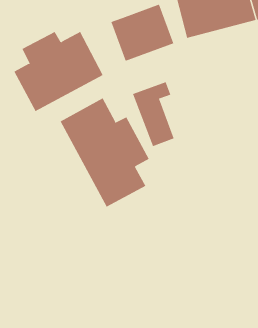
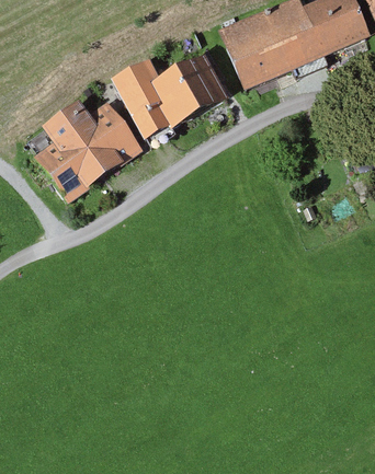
building: [132,81,174,147] -> [111,57,168,138]
building: [60,97,149,208] -> none

